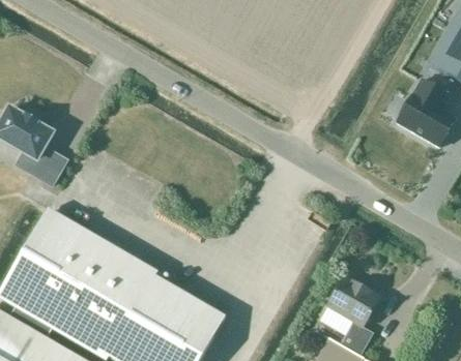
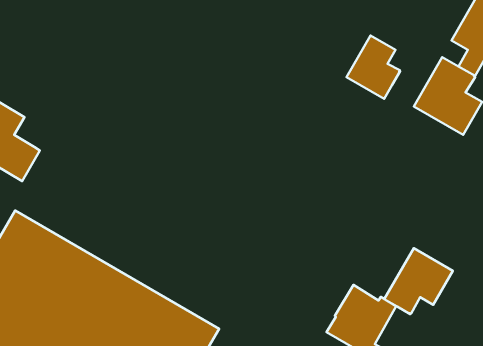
building: none -> [347,36,400,99]
building: none -> [384,248,453,314]

